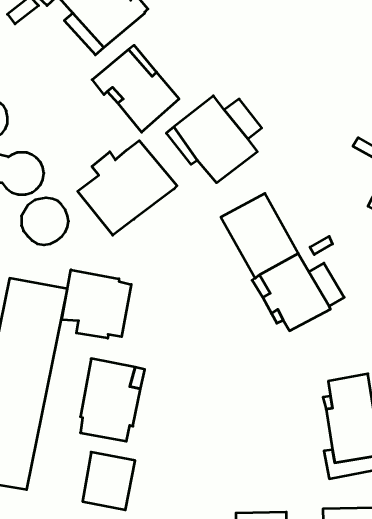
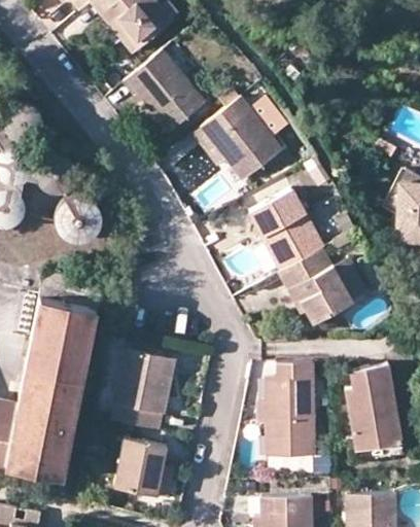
building: [78,141,177,235] -> none
building: [62,270,131,338] -> none
building: none -> [266,362,315,456]

